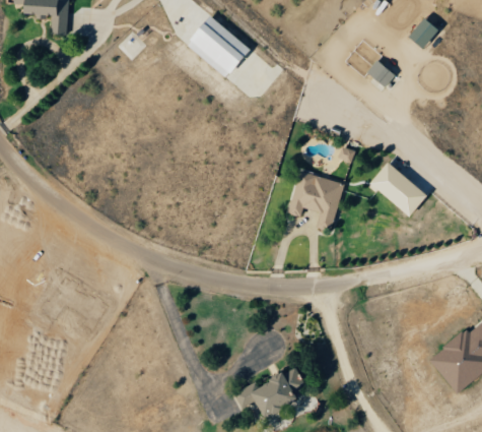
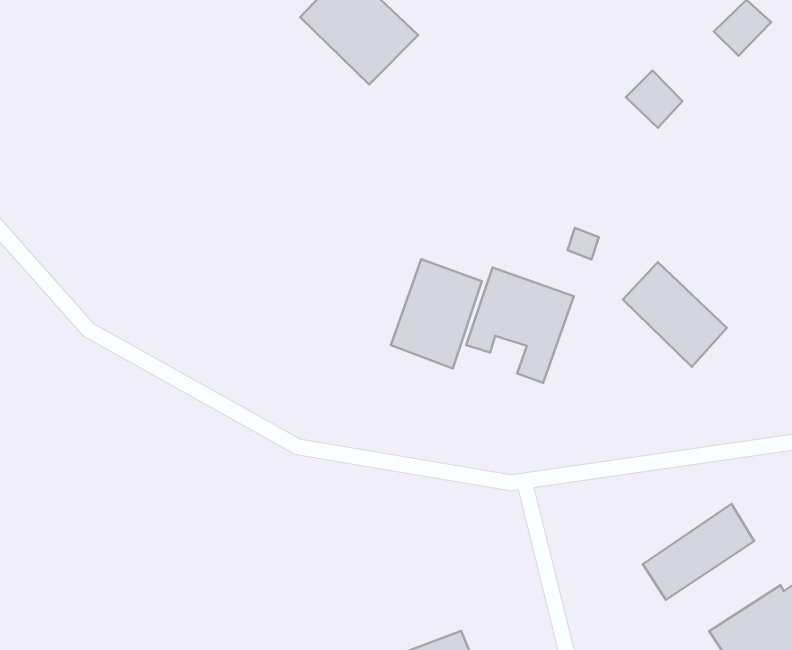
building: none -> [391,259,482,369]
building: none -> [643,504,754,600]

